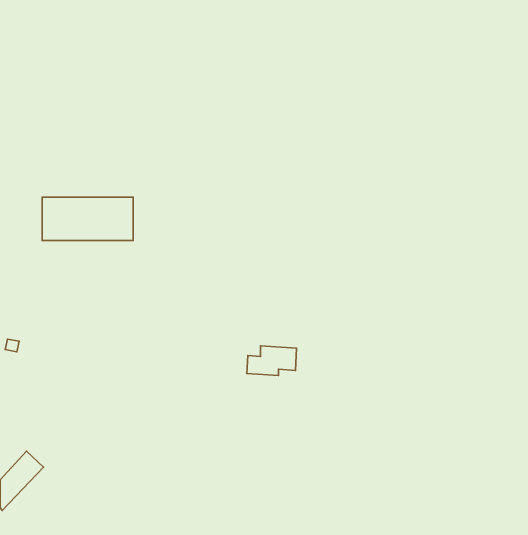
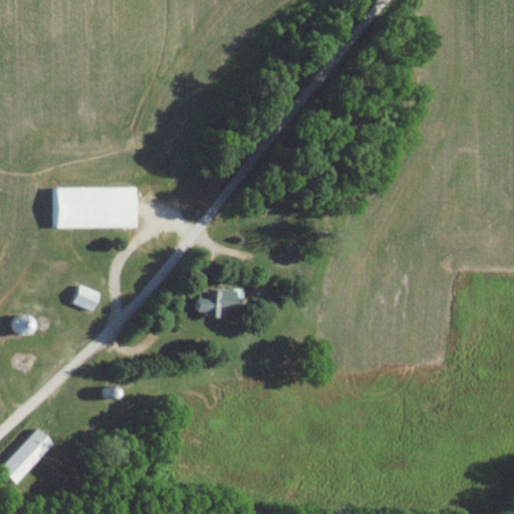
building: none -> [72,285,98,310]
building: [247,346,297,376] -> [192,288,239,316]

